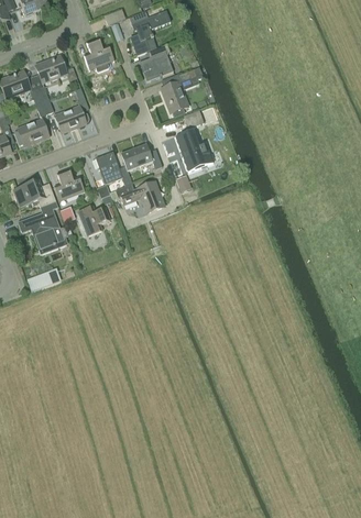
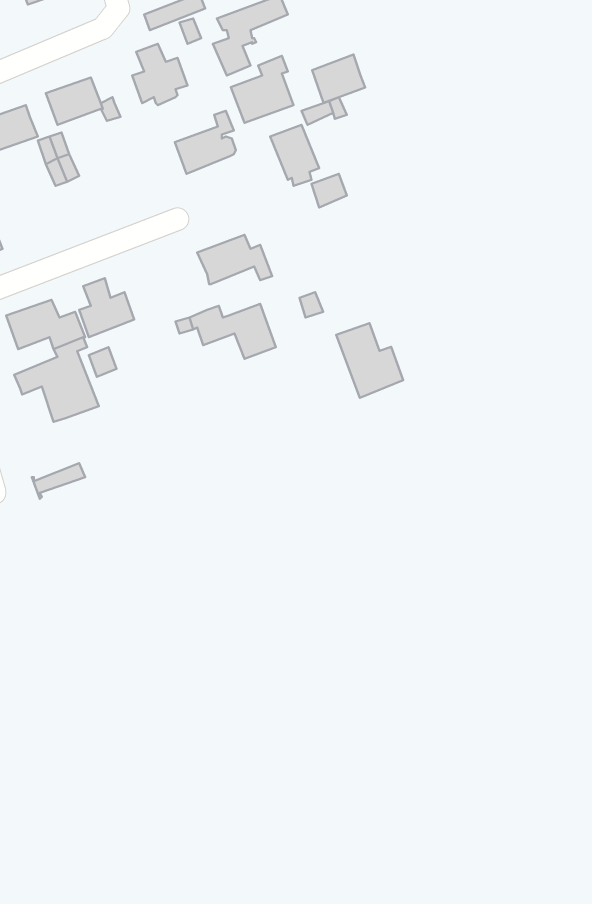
building: none -> [312,55,365,103]
building: [55,97,89,132] -> [175,111,236,174]
building: [14,119,48,145] -> none
building: [175,129,212,170] -> [336,323,403,398]
building: [95,151,132,185] -> none
building: [77,203,110,235] -> none

